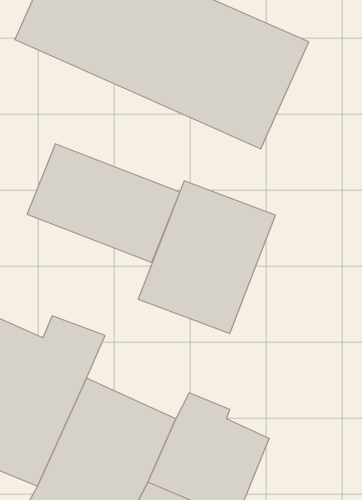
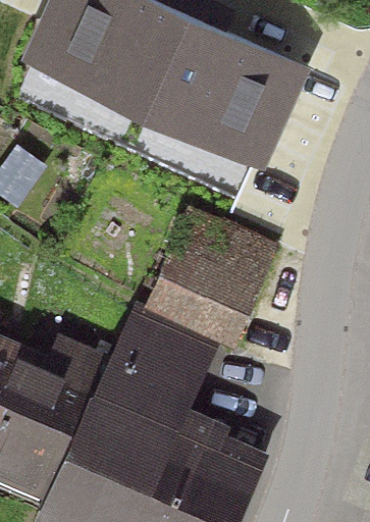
building: [27,144,180,262] -> none
building: none -> [90,313,214,438]

